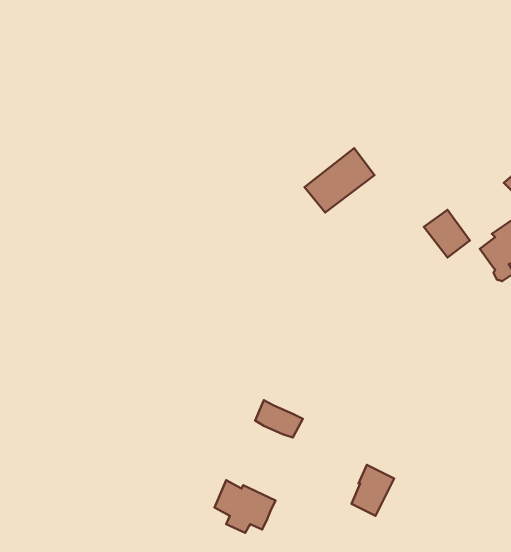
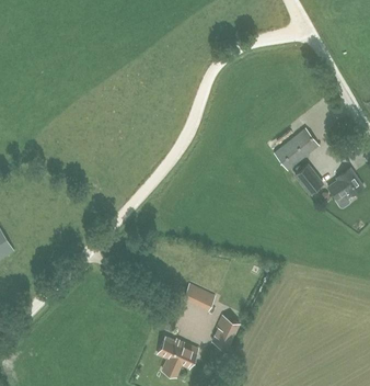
building: [305,148,374,213] -> [274,127,319,169]
building: [352,465,394,516] -> [212,315,240,348]

